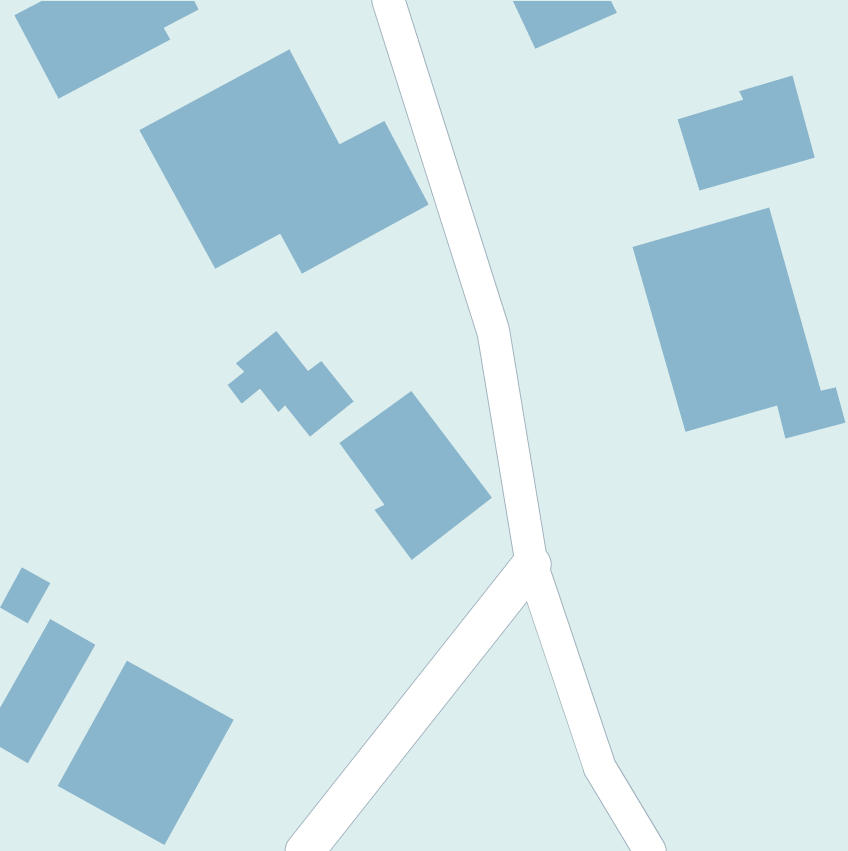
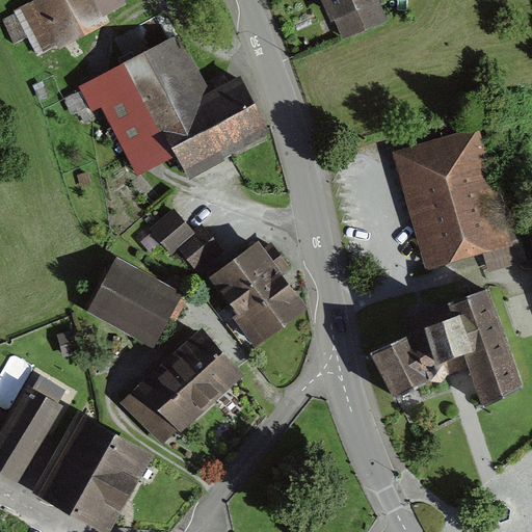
building: [677,74,816,192] -> none
building: none -> [84,255,185,350]
building: none -> [369,293,523,404]
building: none -> [123,330,238,441]

